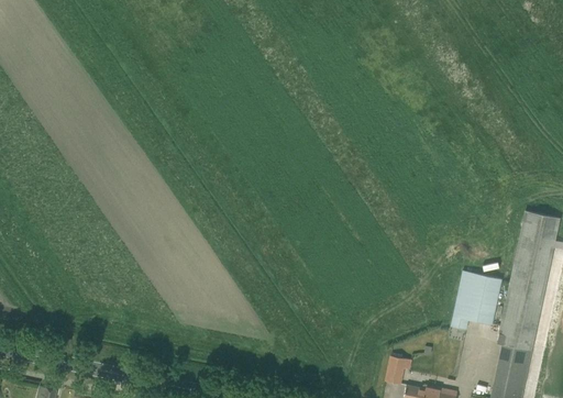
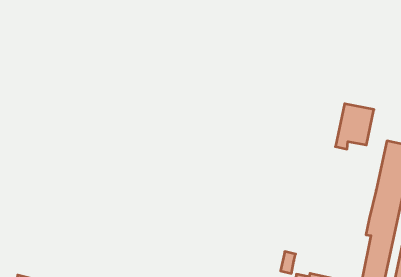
building: [453,270,504,330] -> [335,104,374,149]

